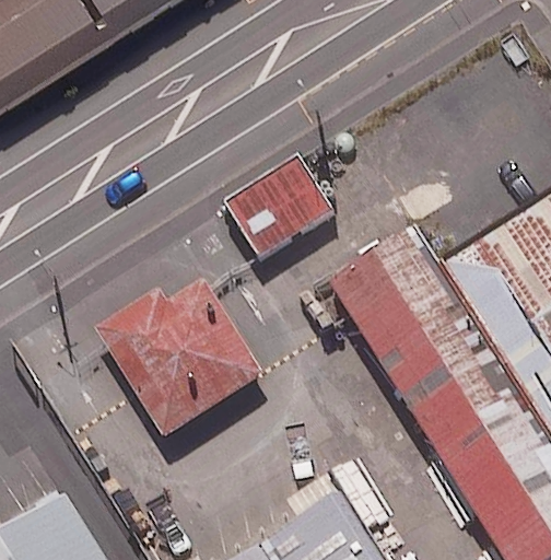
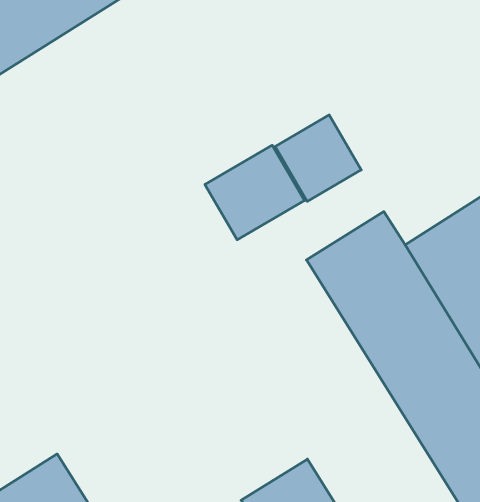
building: none -> [275,115,361,201]
building: [97,276,265,440] -> none

